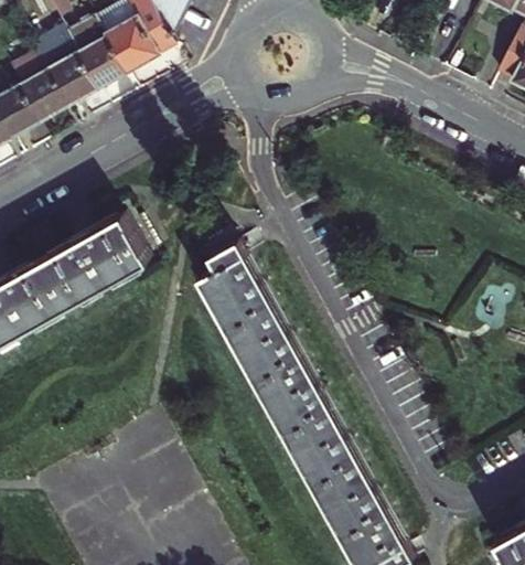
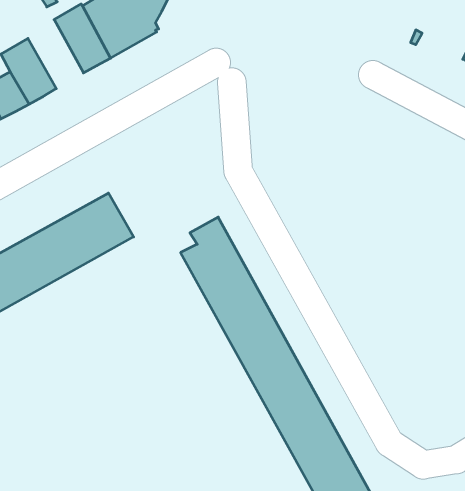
building: [29,29,93,107] -> none

